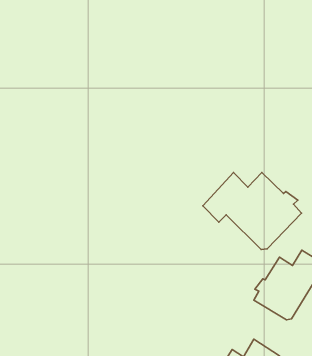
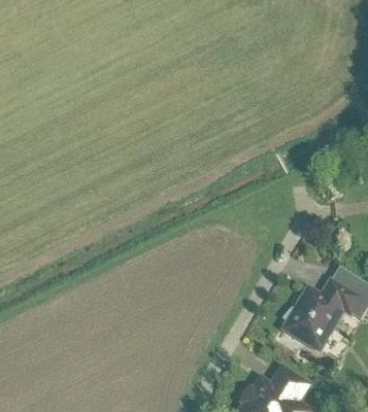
building: [203,172,301,249] -> none

